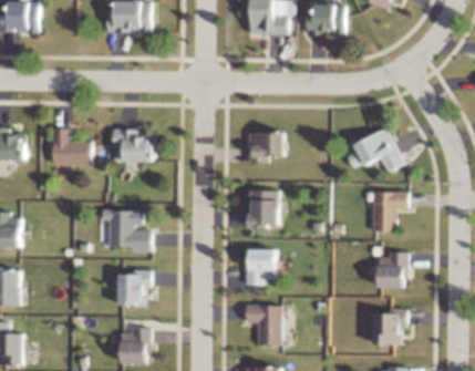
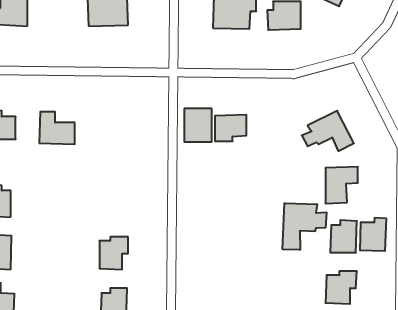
building: [111,128,153,162] -> none
building: [248,189,279,227] -> [184,109,212,142]
building: [101,209,152,249] -> none
building: none -> [283,203,326,250]
building: none -> [360,218,386,251]
building: [246,248,276,285] -> none
building: [246,305,281,344] -> none

